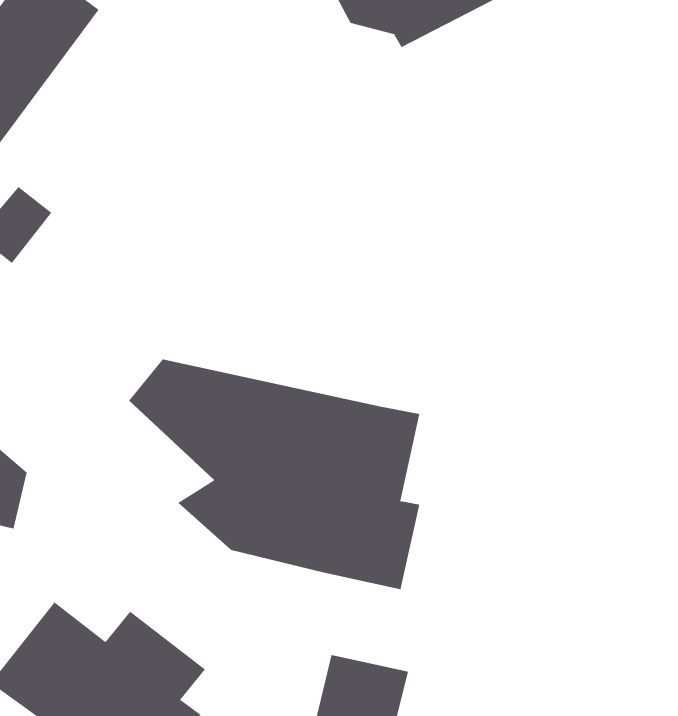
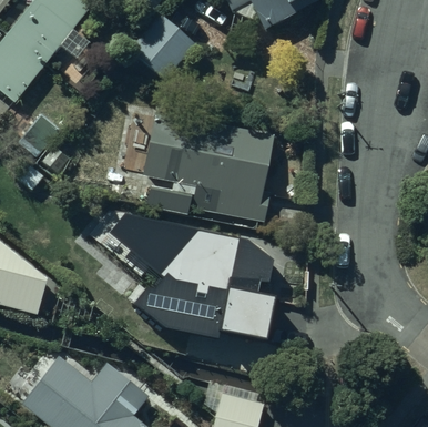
building: none -> [128,14,192,79]
building: none -> [142,112,273,215]

